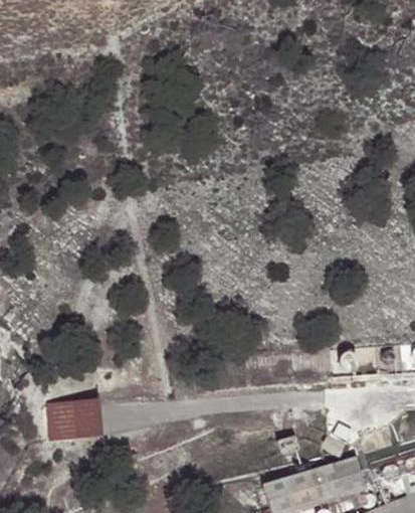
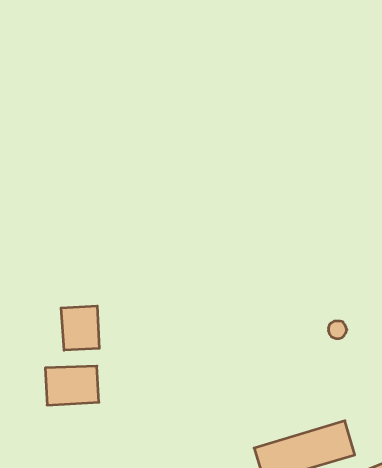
building: none -> [61,306,99,350]

